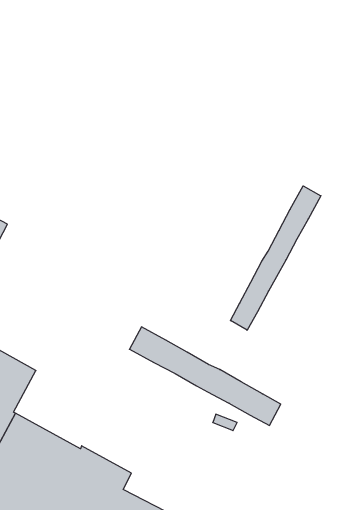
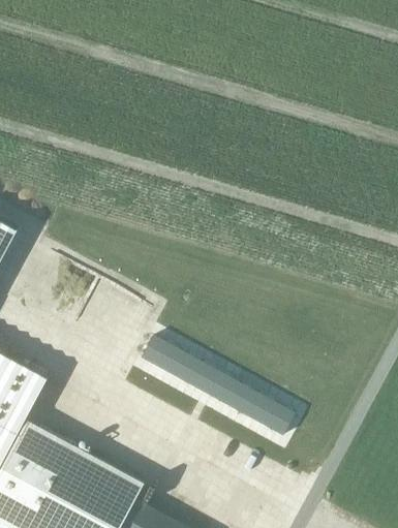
building: [230,186,321,330] -> none

